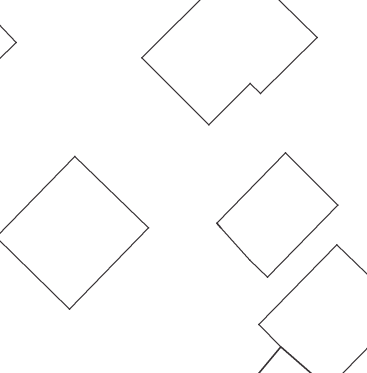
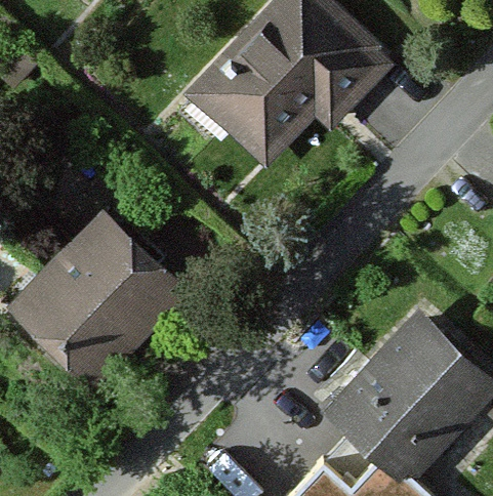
building: [217,153,338,277] -> none

